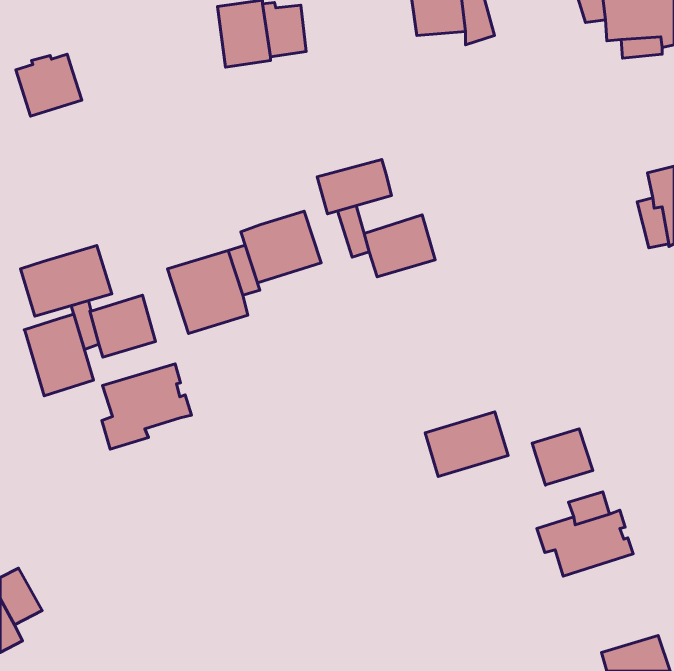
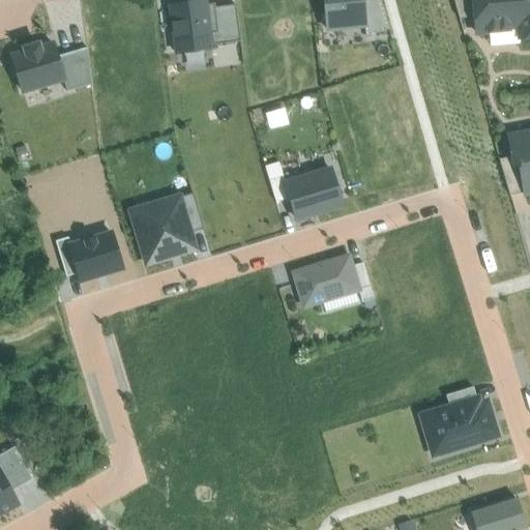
building: none -> [57,47,92,91]
building: [317,160,392,214] -> none
building: [241,211,321,283] -> none
building: [20,246,112,316] -> none
building: [24,314,94,396] -> none
building: [102,364,191,449] -> none
building: [425,412,508,476] -> [294,256,359,306]
building: [532,429,593,485] -> none

